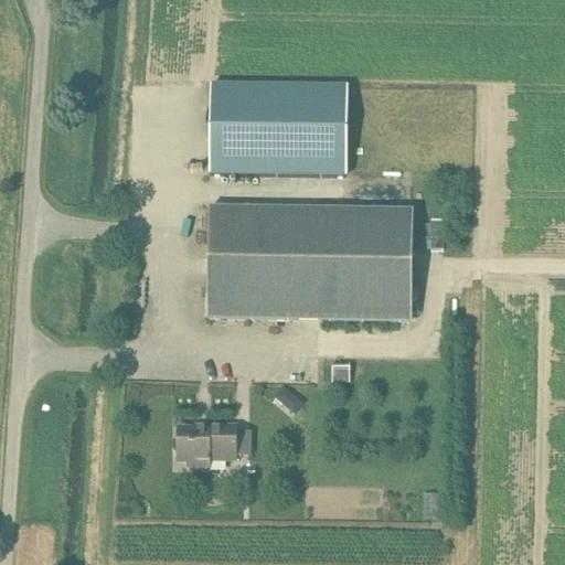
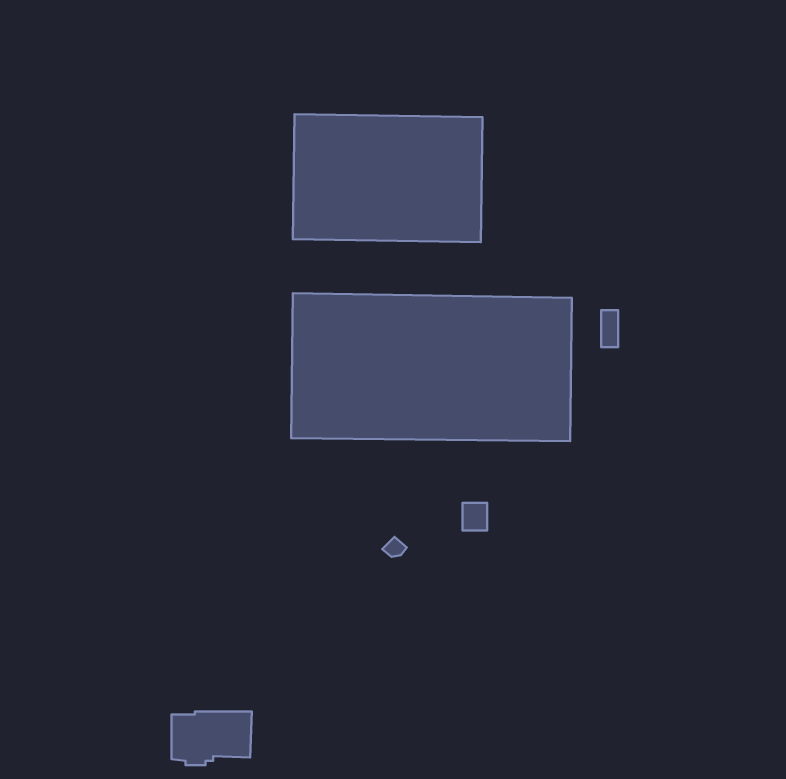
building: [180,424,237,462] -> [172,711,252,765]

